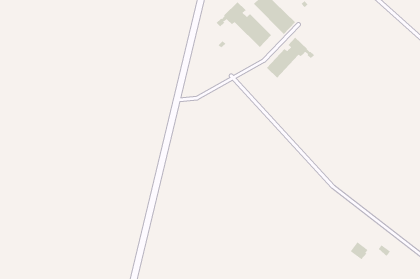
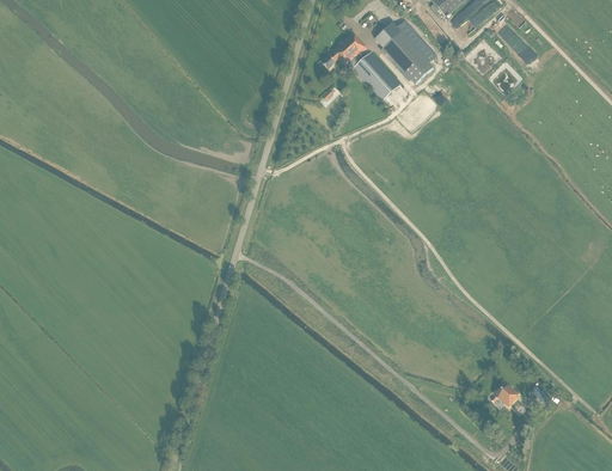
building: [266,37,315,78] -> none

